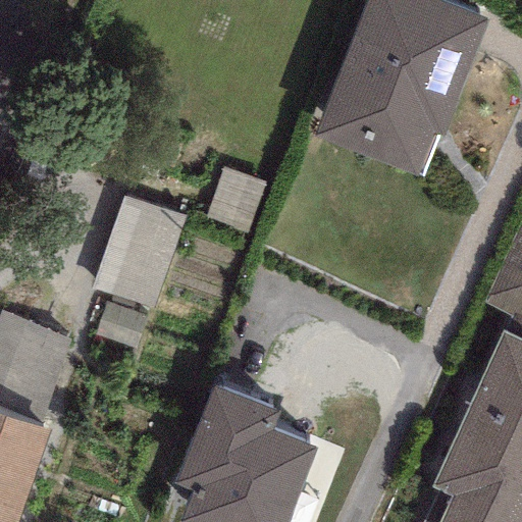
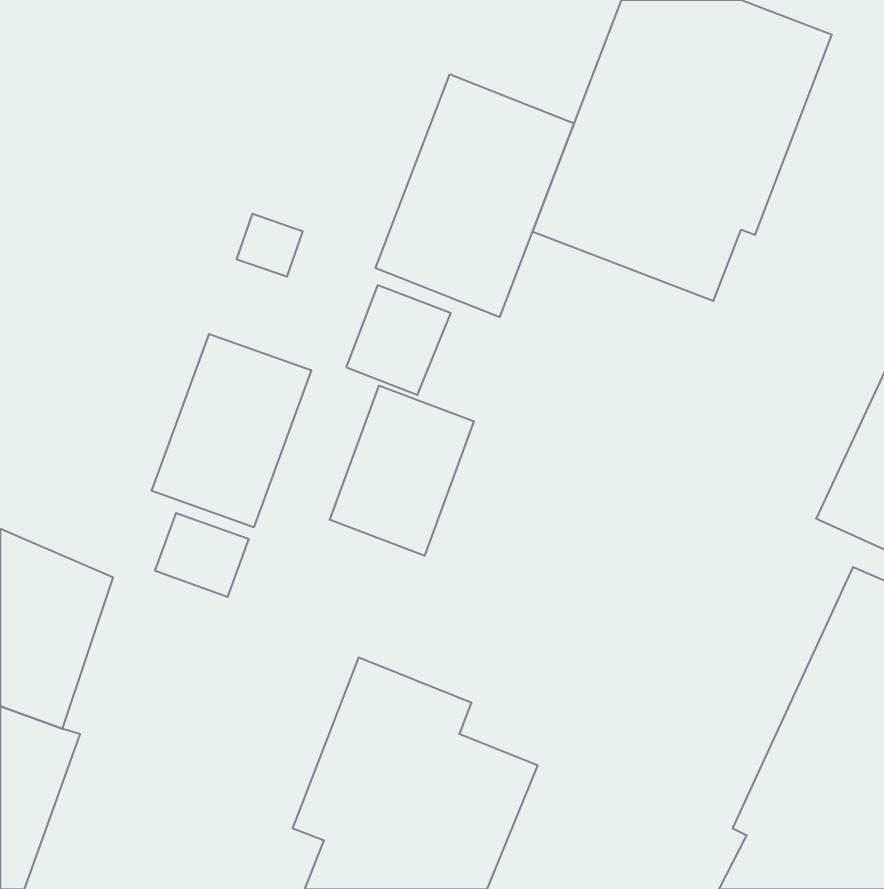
building: none -> [376,74,574,317]
building: none -> [330,386,474,556]

